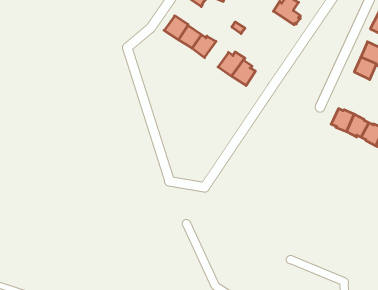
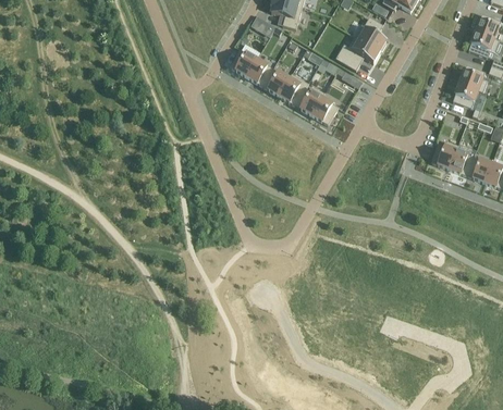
building: none -> [334,36,379,70]
building: none -> [278,73,308,104]

